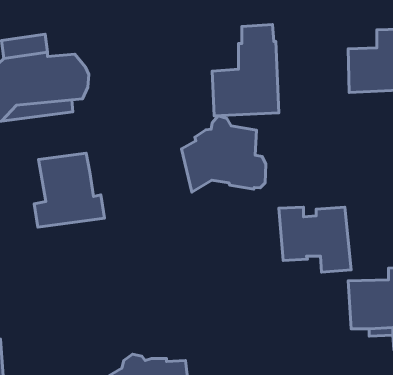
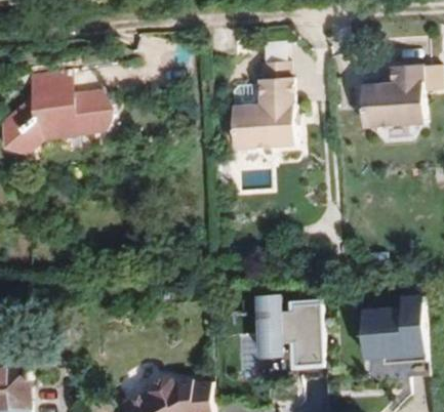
building: [182,116,266,192] -> none
building: [34,153,104,227] -> none
building: [279,207,351,272] -> [255,300,325,363]

